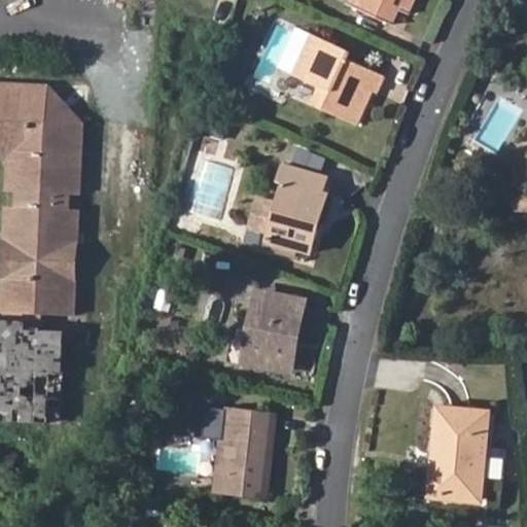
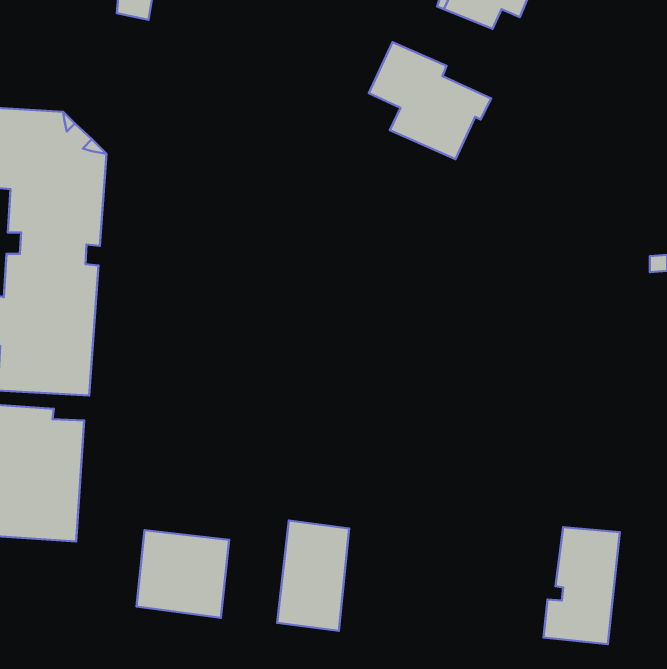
building: [262,163,328,257] -> none
building: [243,293,298,368] -> none
building: none -> [136,530,229,618]

